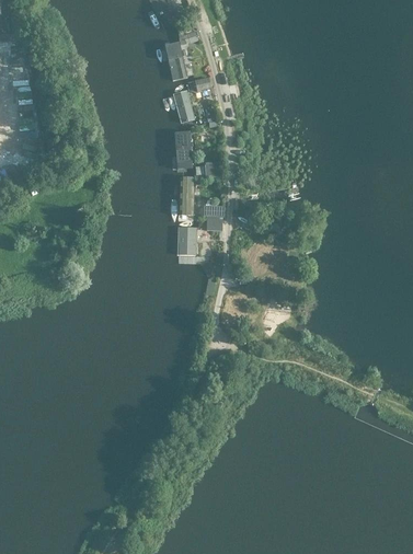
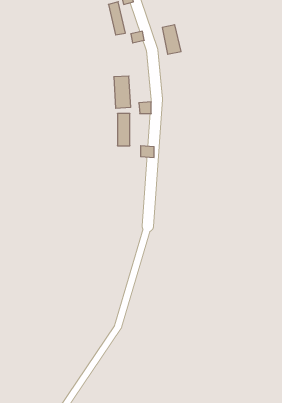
building: [173,86,196,123] -> [162,25,181,54]
building: [175,224,196,254] -> none

